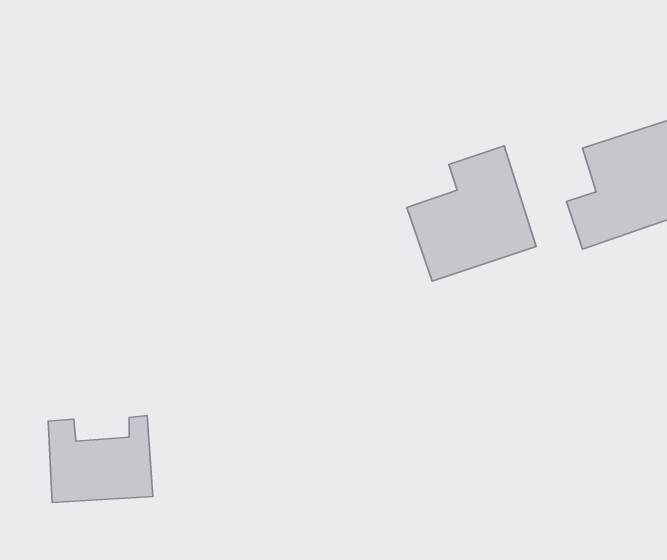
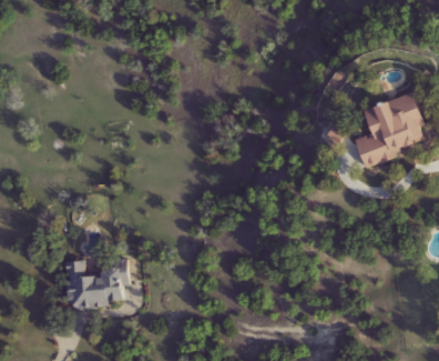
building: [407,146,536,281] -> none

